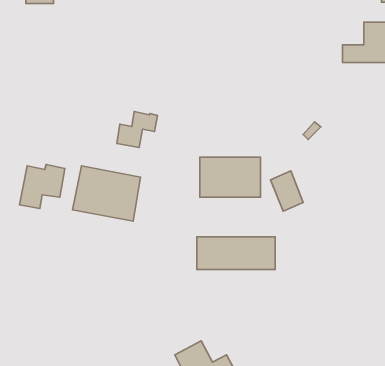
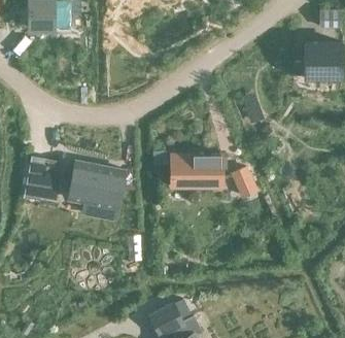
building: [117,111,158,148] -> none
building: [197,237,275,270] -> none

